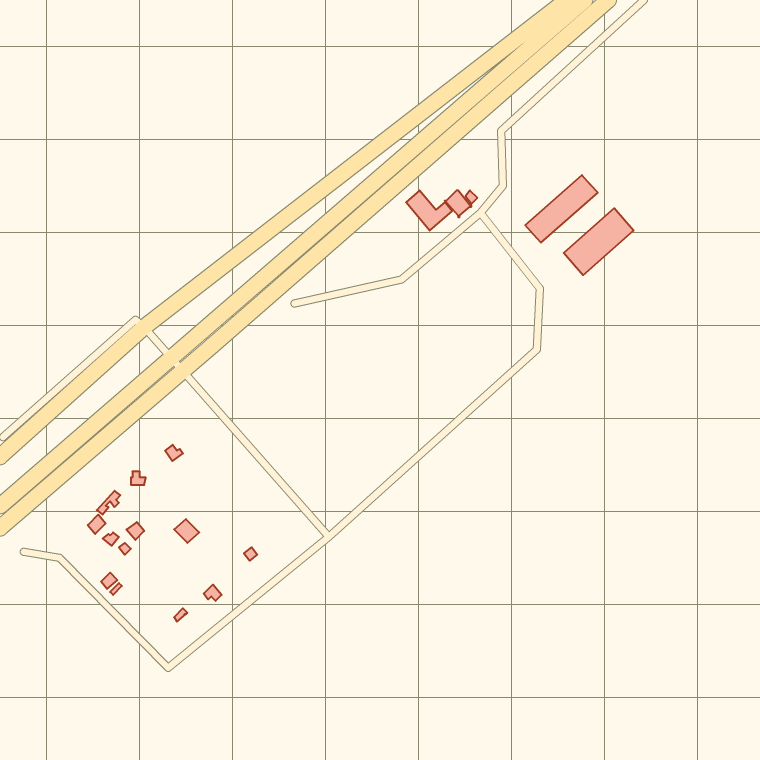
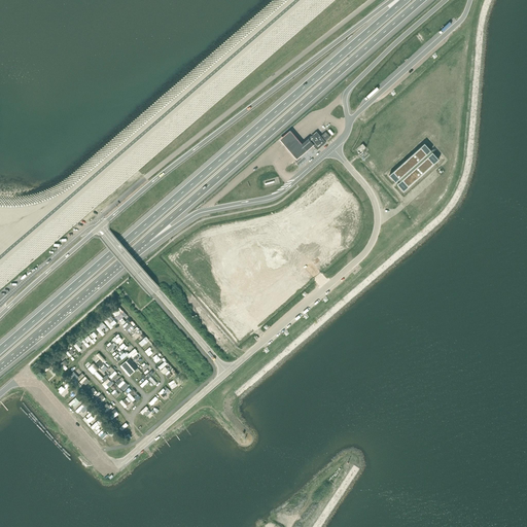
building: [525,175,598,243] -> none

